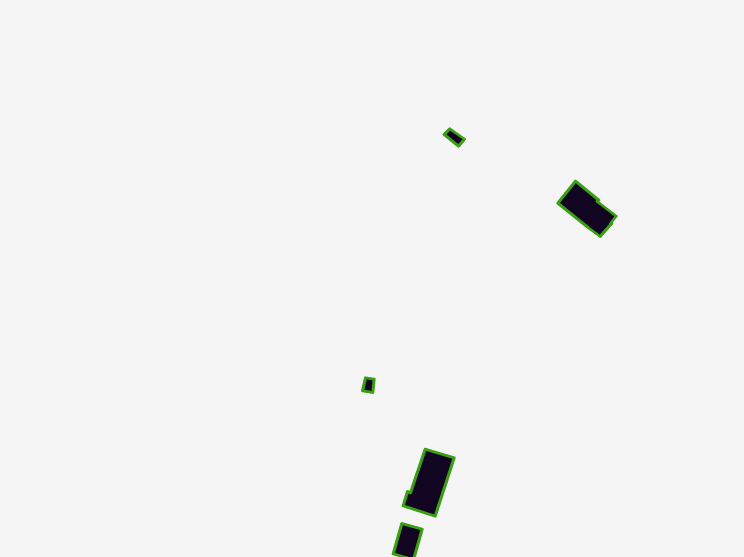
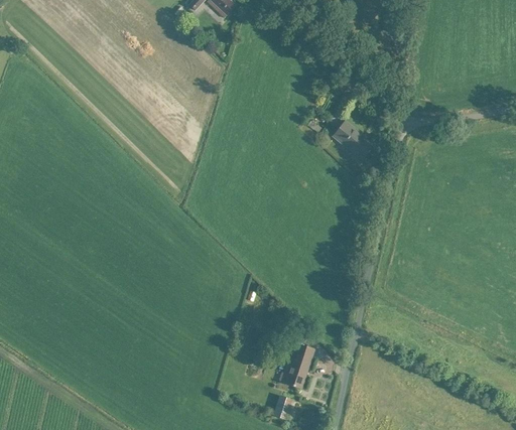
building: [558,181,616,237] -> [333,121,373,159]

